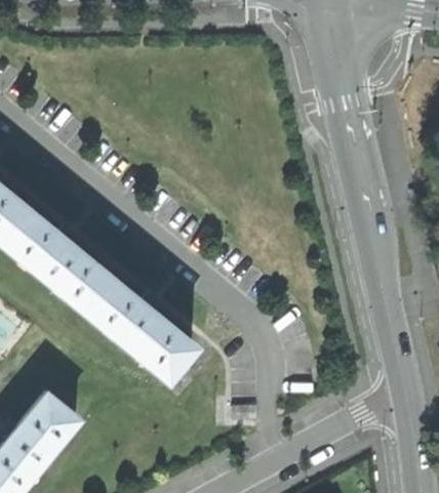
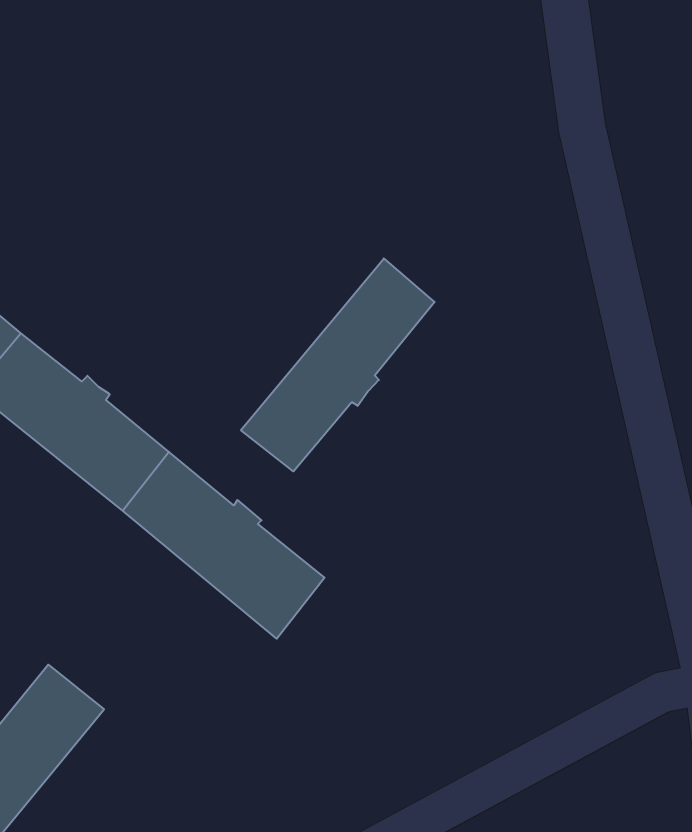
building: none -> [241,258,435,471]

